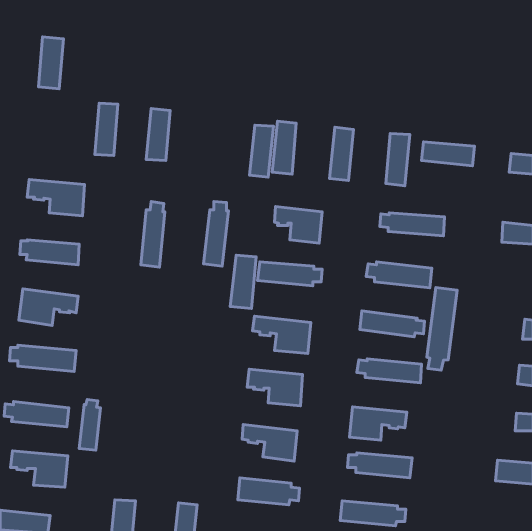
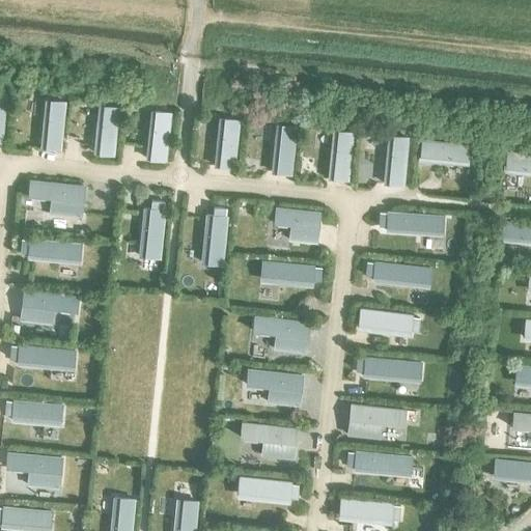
building: [38,37,63,89] -> [41,101,66,152]
building: [250,125,274,177] -> [215,117,239,169]
building: [230,255,256,308] -> none
building: [427,288,457,370] -> none
building: [79,400,101,450] -> none

